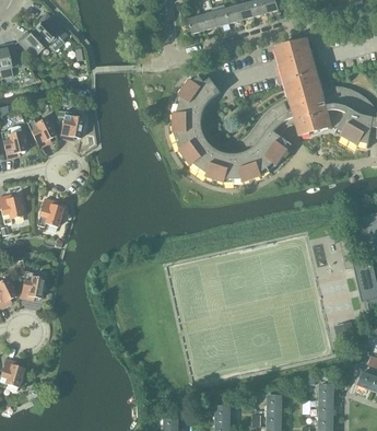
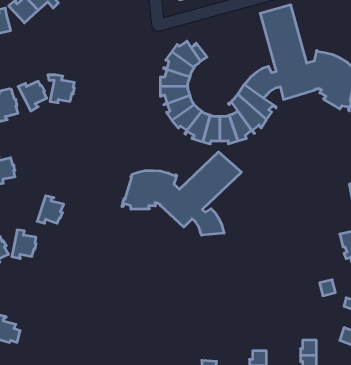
building: none -> [122,152,241,235]
building: [36,198,63,226] -> [37,196,64,223]

